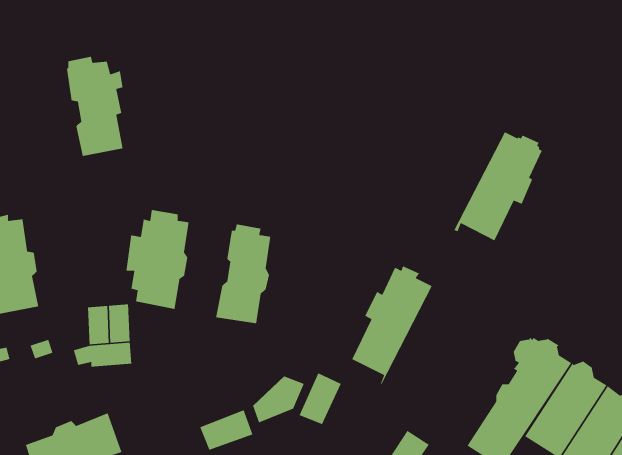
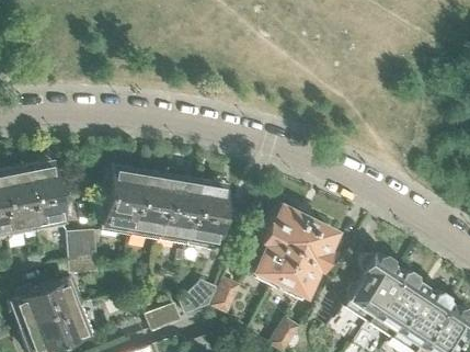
building: [66,56,124,157] -> [26,163,66,232]
building: [453,131,543,242] -> [272,218,333,294]
building: none -> [130,171,169,240]
building: none -> [186,180,232,250]
building: none -> [16,279,84,327]

